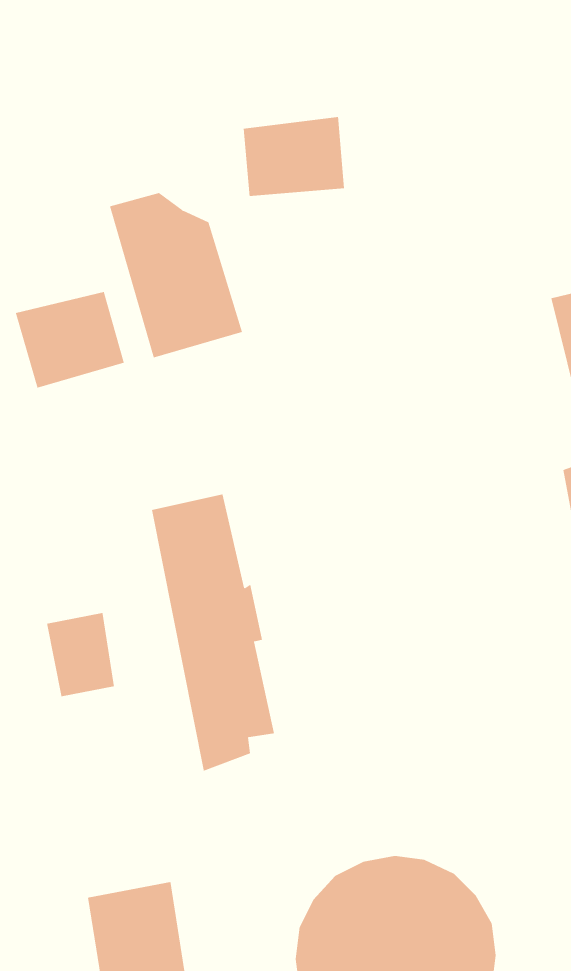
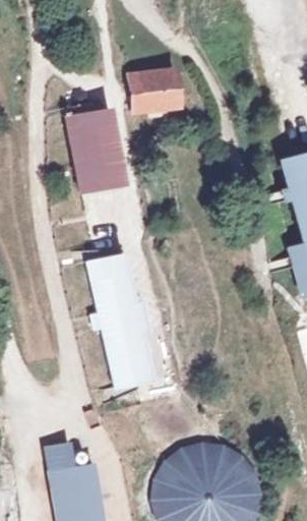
building: [15,291,125,388] -> none
building: [46,612,115,697] -> none

